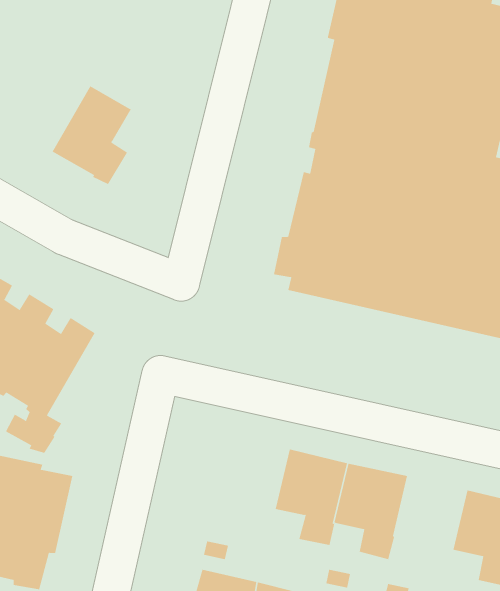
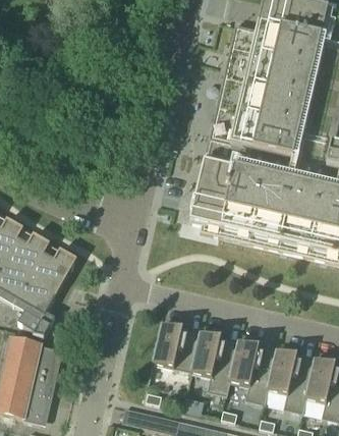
building: [52,86,132,185] -> none
building: none -> [153,325,201,373]
building: none -> [268,351,315,415]

